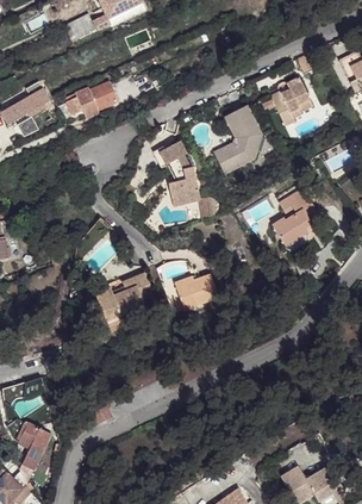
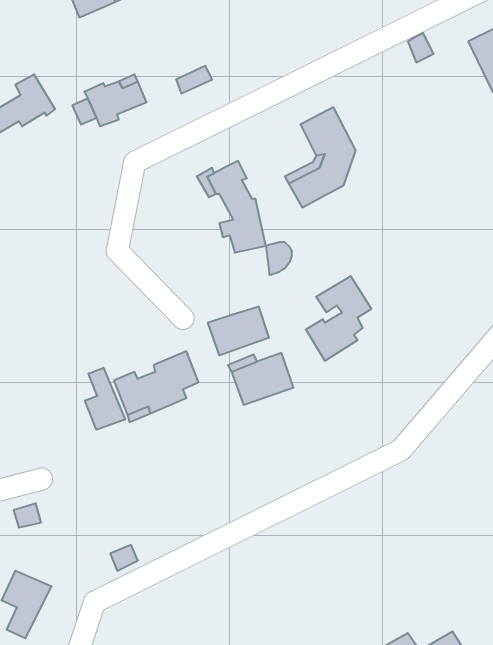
building: [261,76,313,125] -> none
building: [272,187,317,245] -> [306,276,371,361]
building: none -> [208,306,269,355]
building: none -> [85,368,125,430]

